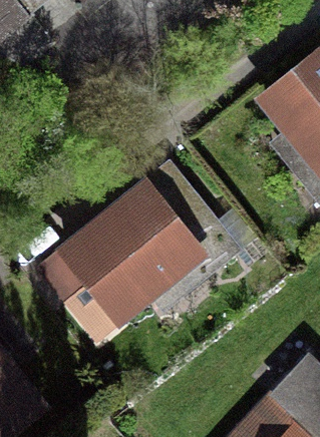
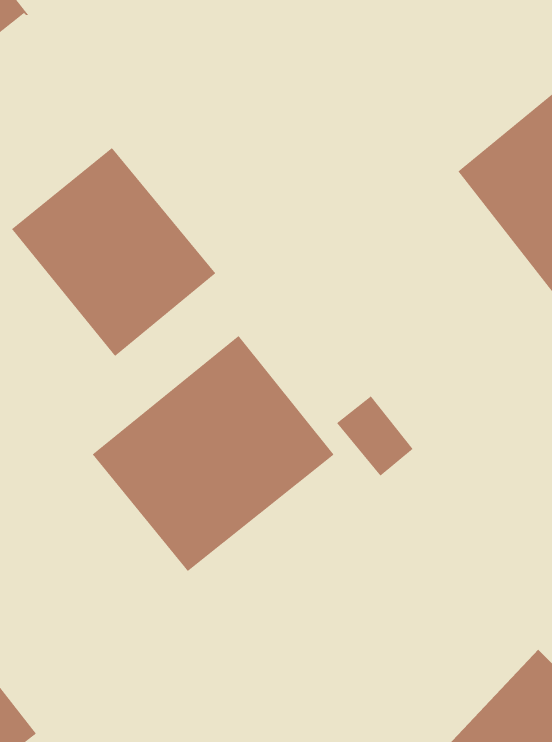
building: none -> [11,147,216,357]

